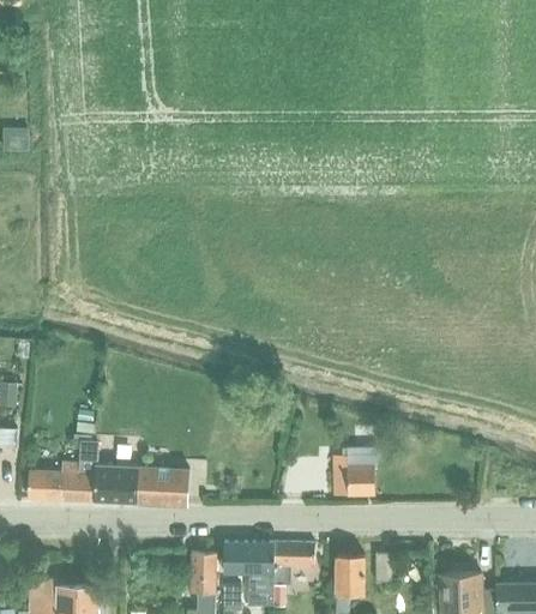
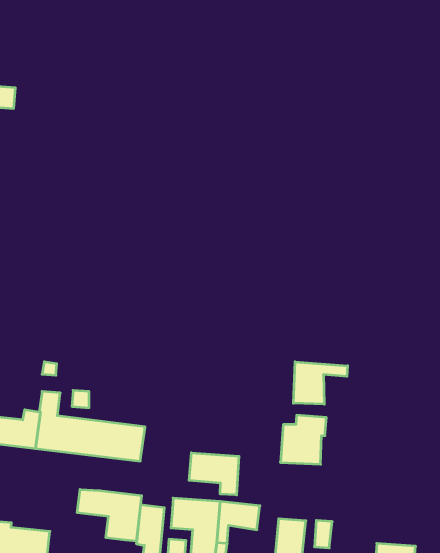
building: none -> [293,362,348,404]
building: none -> [189,453,239,495]
building: none -> [77,489,142,541]

